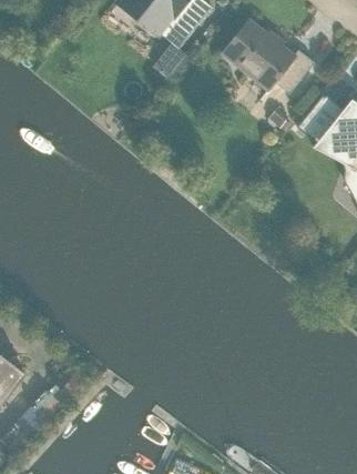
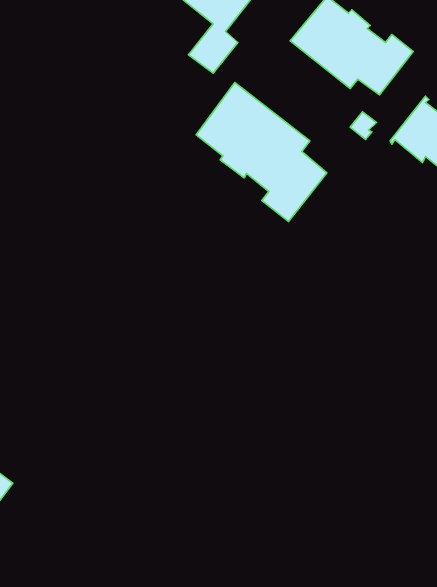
building: none -> [196,82,327,221]

